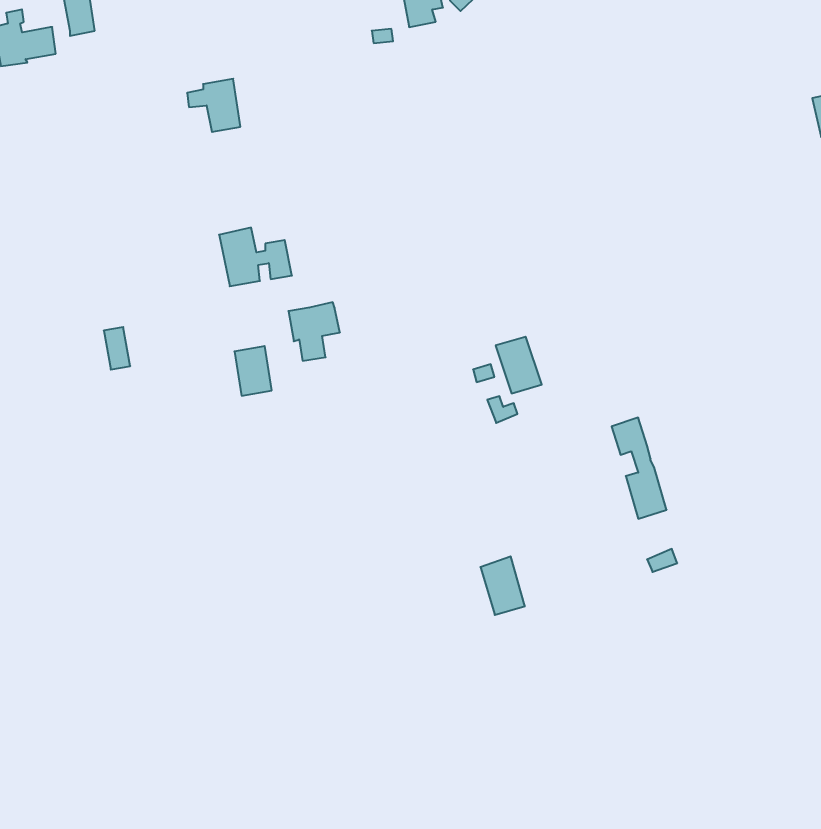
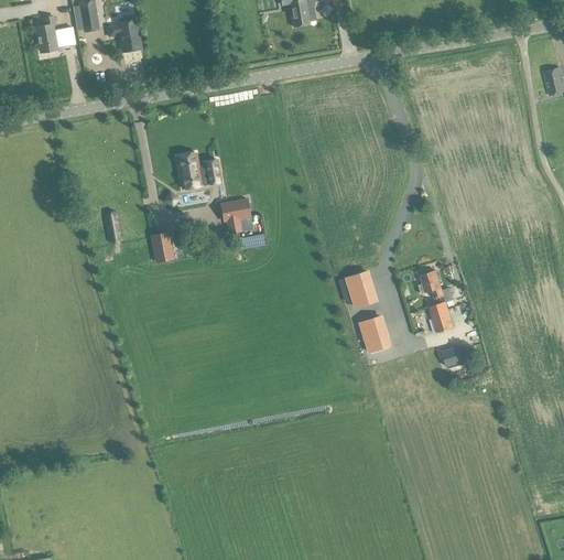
building: [187,79,240,132] -> [107,18,140,51]
building: [496,337,542,393] -> [346,271,375,306]
building: [234,346,272,396] -> [150,230,173,261]
building: [480,556,525,615] -> [360,315,388,352]

